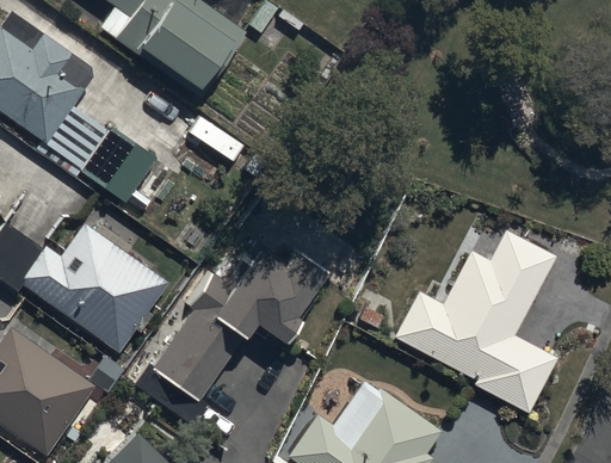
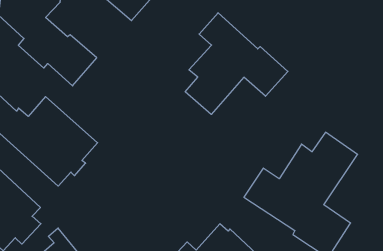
building: none -> [185,13,288,114]
building: [150,247,323,403] -> none

